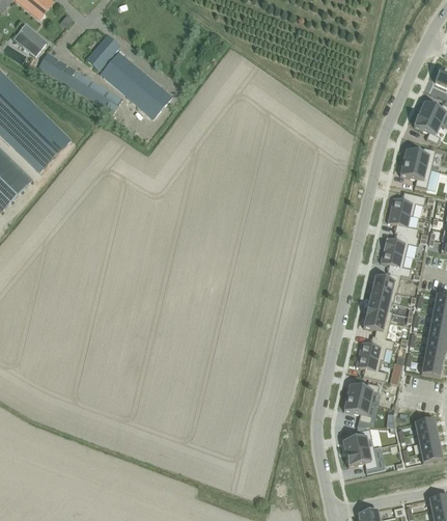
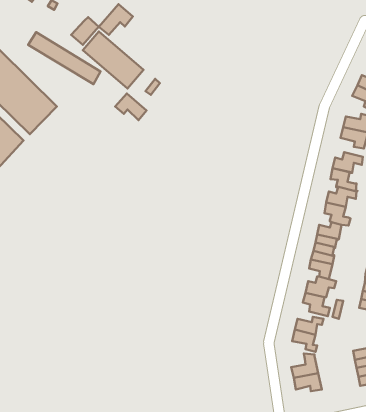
building: none -> [99,4,133,35]
building: [16,23,47,54] -> none
building: none -> [115,94,146,120]

